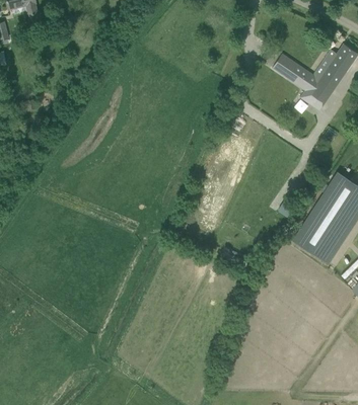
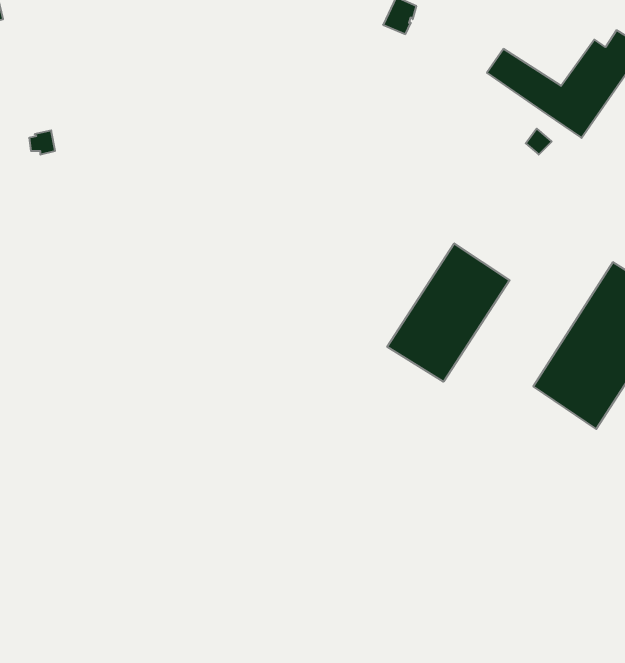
building: none -> [387,243,510,382]

